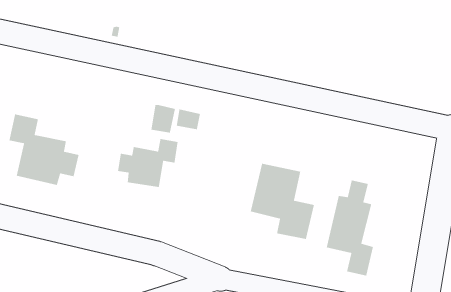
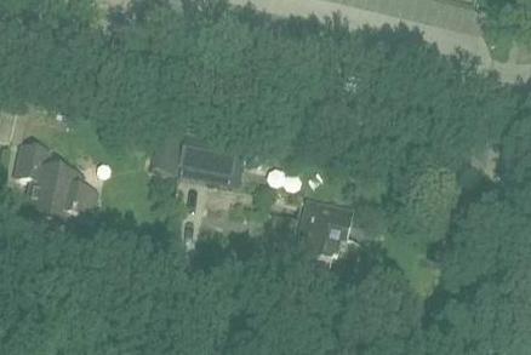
building: [117,138,179,188] -> none
building: [326,179,374,277] -> none

